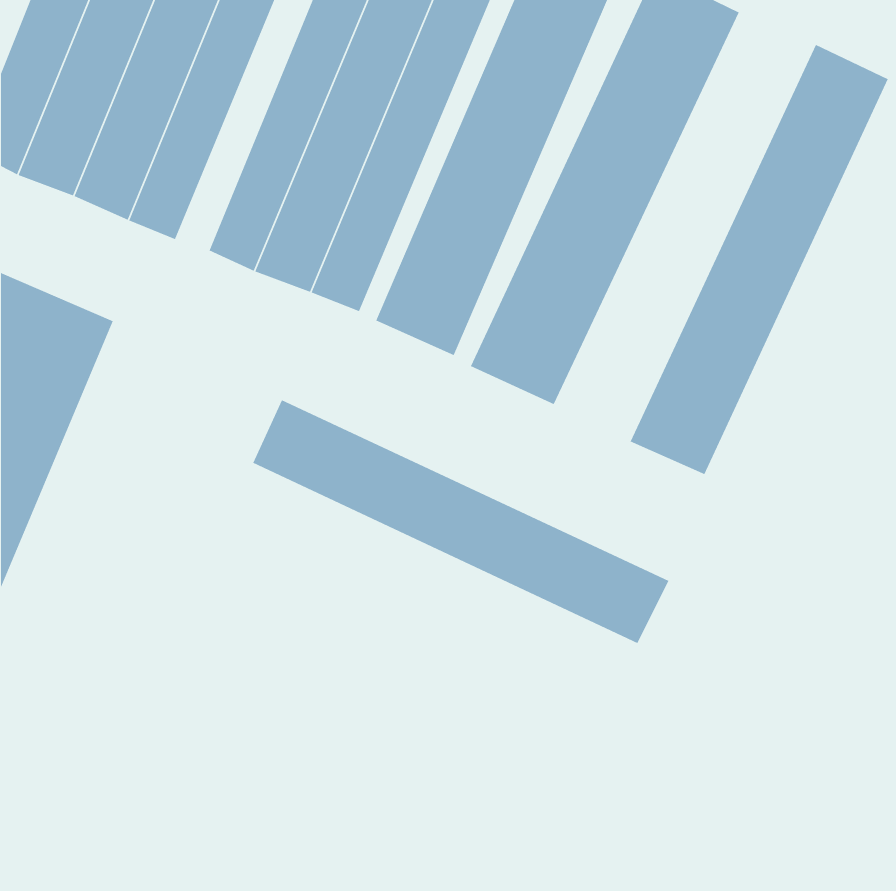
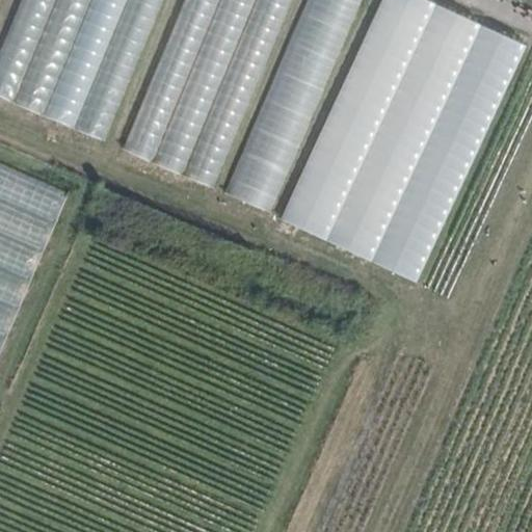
building: none -> [328,7,483,262]
building: [252,399,669,644] -> none

